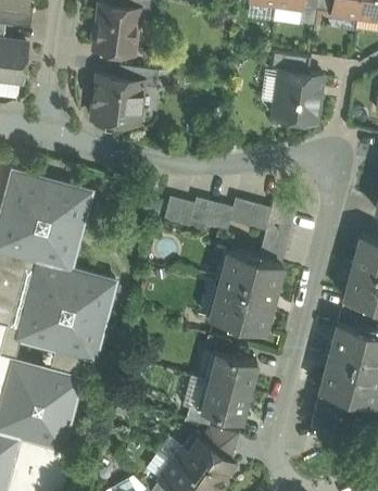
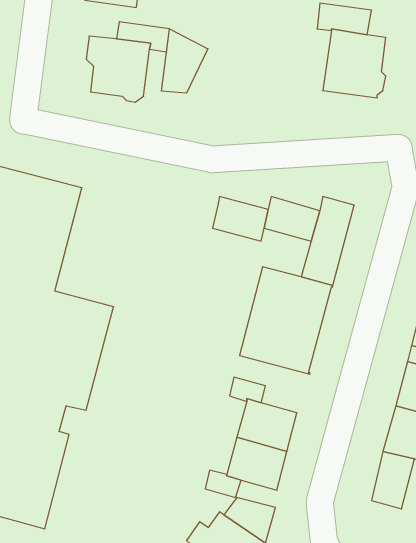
building: none -> [162,29,208,93]
building: [163,198,194,228] -> none

